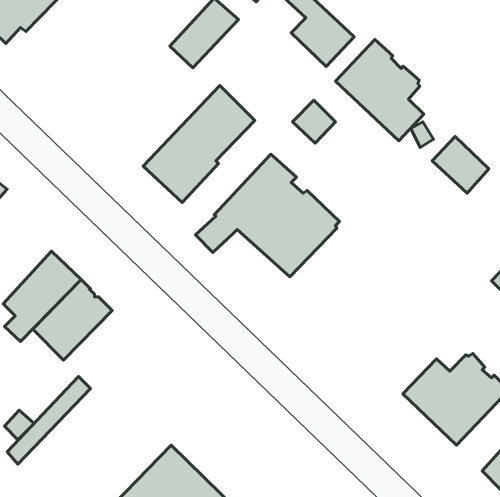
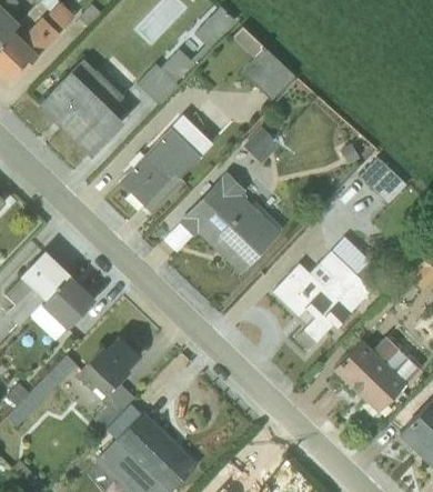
building: none -> [38,58,124,154]
building: [336,39,424,141] -> none
building: none -> [272,237,385,350]
building: none -> [77,338,138,428]

